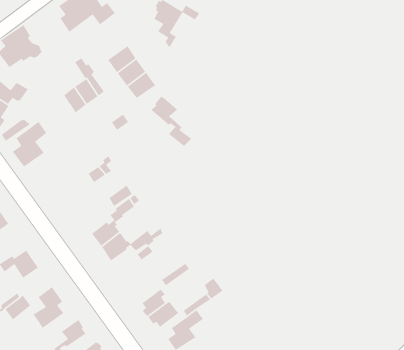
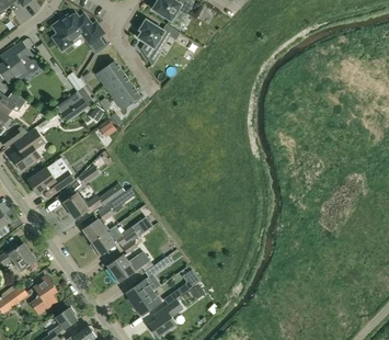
building: [151,96,192,147] -> none
building: none -> [28,167,73,196]
building: none -> [62,192,101,218]
building: none -> [108,250,150,281]

